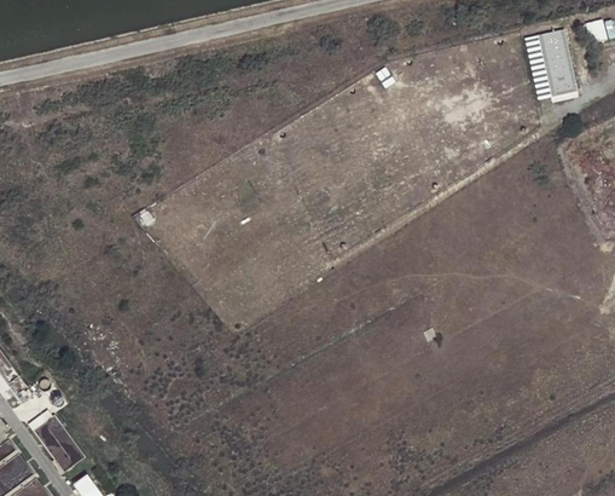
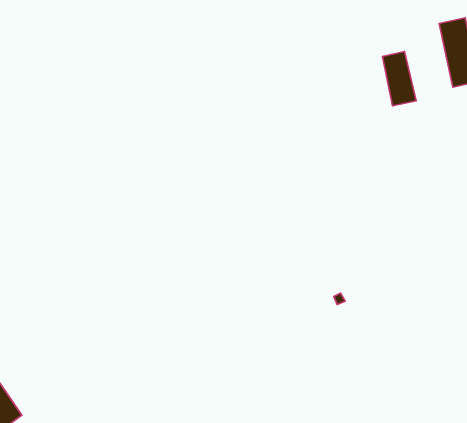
building: none -> [382,52,416,106]

